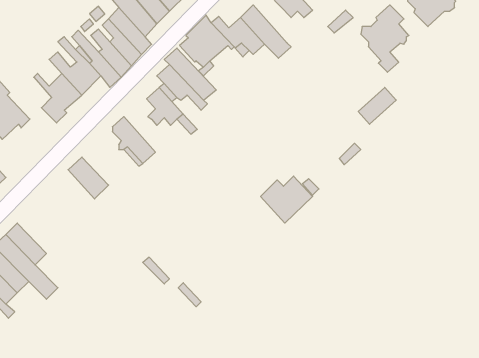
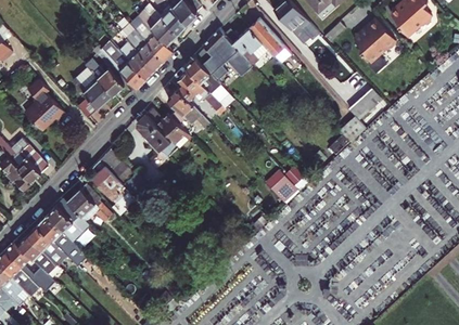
building: none -> [148,109,191,145]
building: none -> [91,160,136,212]
building: none -> [67,184,113,223]

